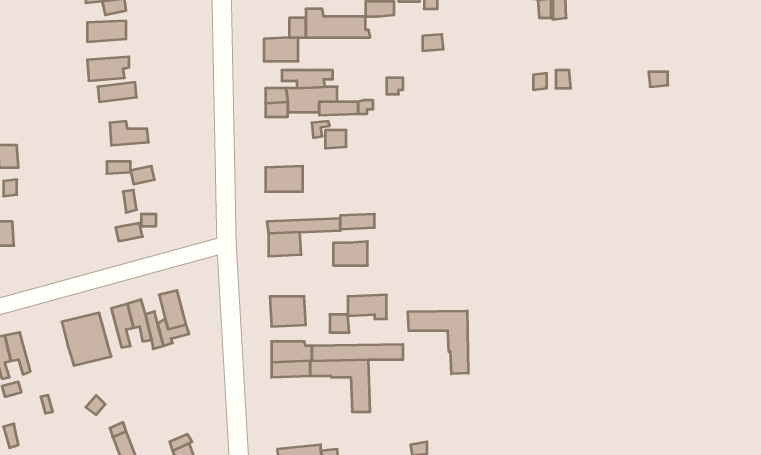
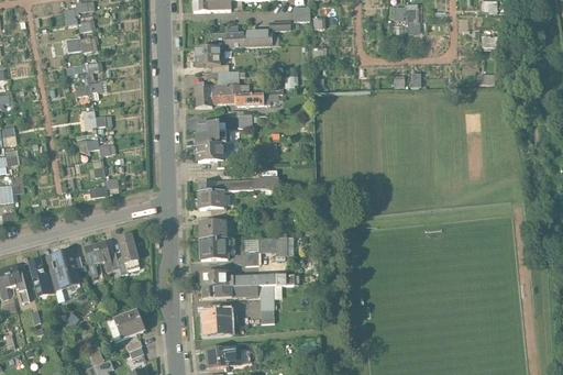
building: none -> [197,125,230,143]
building: [333,241,368,265] -> [200,220,225,238]
building: [408,311,468,374] -> none
building: none -> [31,257,56,296]
building: none -> [114,309,146,338]
building: none -> [203,309,232,335]

